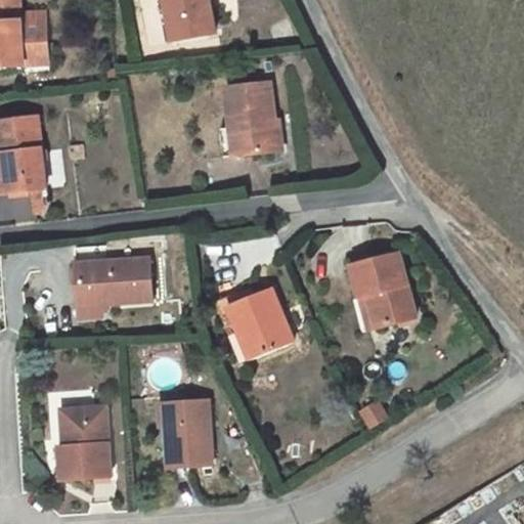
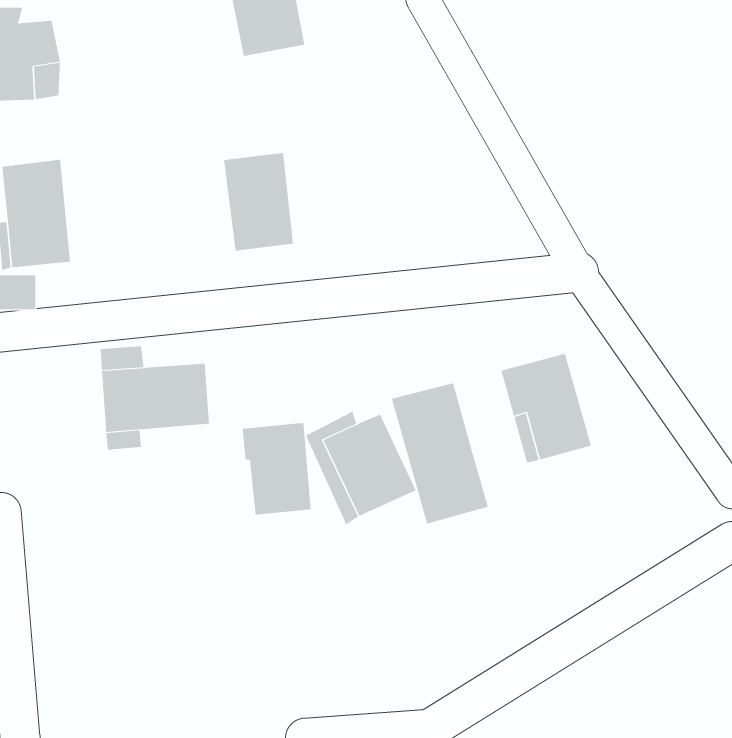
building: [226,82,276,151] -> [223,153,294,251]
building: none -> [391,383,488,525]
building: [157,399,206,465] -> [242,423,311,515]
building: [60,410,112,479] -> none

